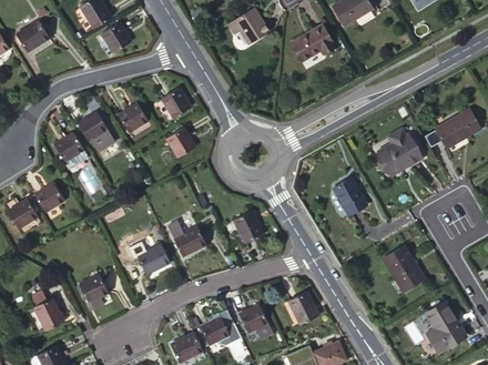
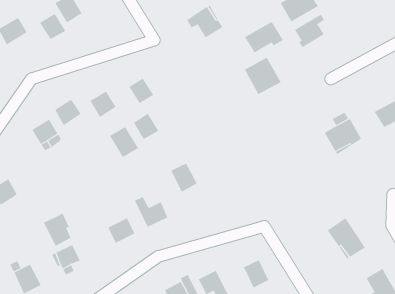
building: none -> [294,14,325,48]
building: [101,23,131,53] -> [39,13,66,40]
building: none -> [244,57,282,95]
building: none -> [109,126,139,158]
building: [332,178,366,215] -> none
building: [33,185,64,215] -> none
building: [232,211,262,244] -> [171,163,198,193]
building: none -> [43,213,71,247]

